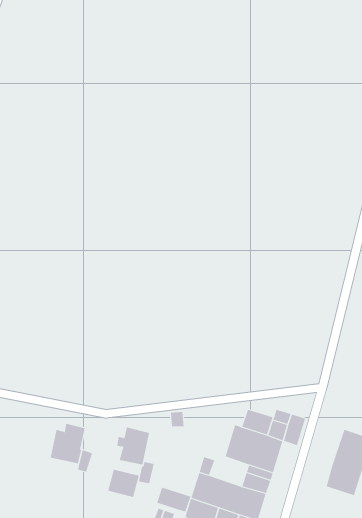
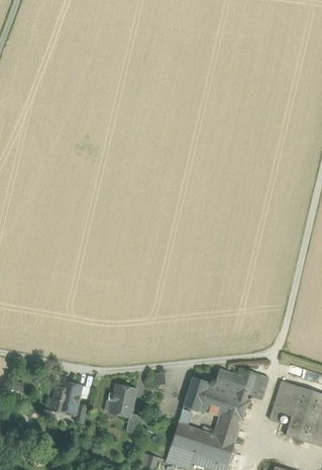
building: none -> [184,376,208,410]
building: none -> [270,381,301,422]
building: [108,469,139,498] -> none
building: [156,487,191,512] -> none

